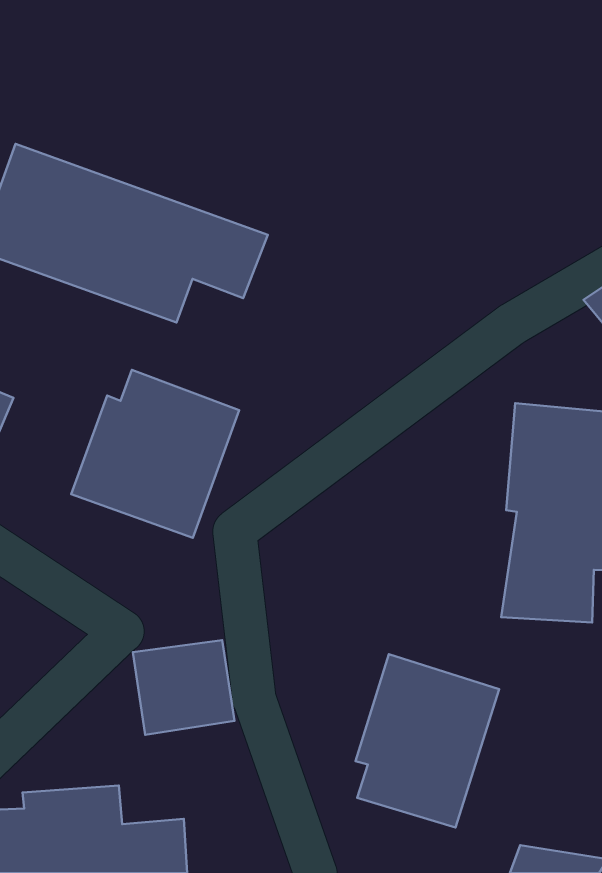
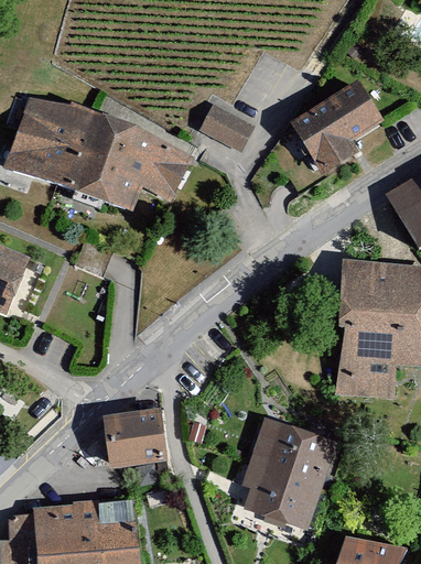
building: none -> [291,83,381,175]
building: none -> [199,106,253,151]
building: [71,370,239,538] -> none

